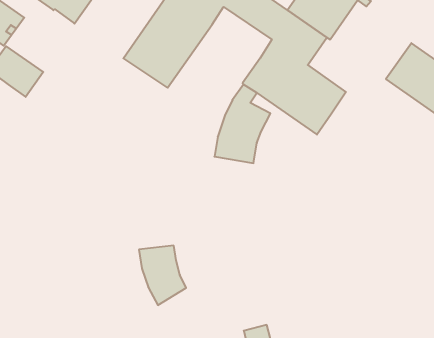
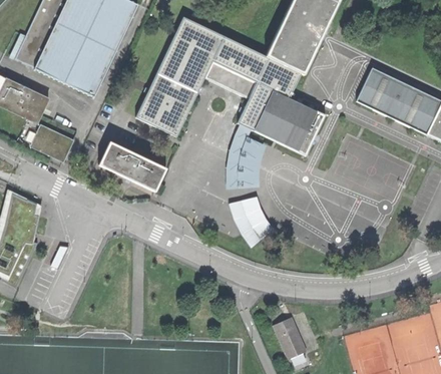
building: none -> [204,61,256,98]
building: none -> [97,140,164,191]
building: [139,246,186,305] -> [228,195,272,246]

